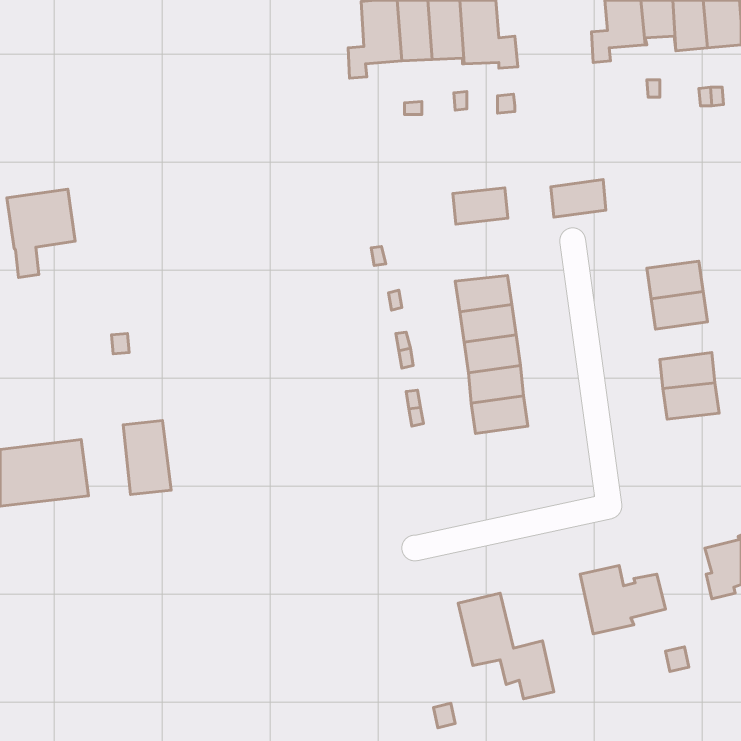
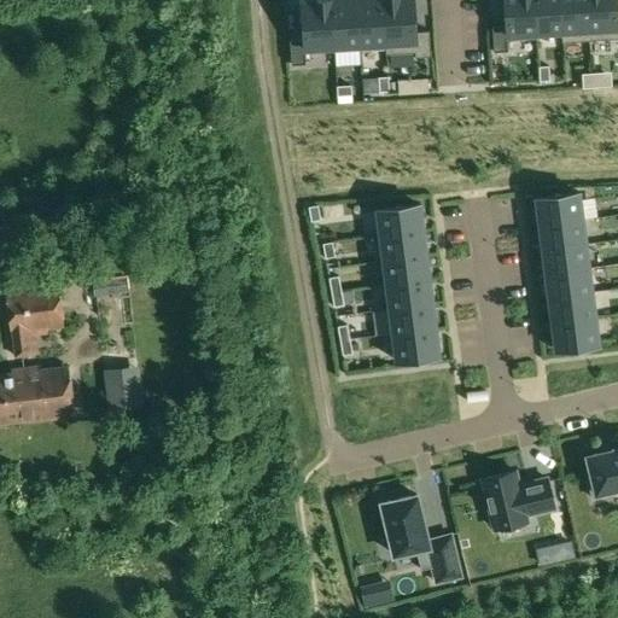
building: [551,180,606,217] -> [536,192,582,223]
building: [453,188,508,224] -> [377,204,422,234]
building: [7,189,75,278] -> [6,282,63,356]
building: none -> [546,268,593,299]

